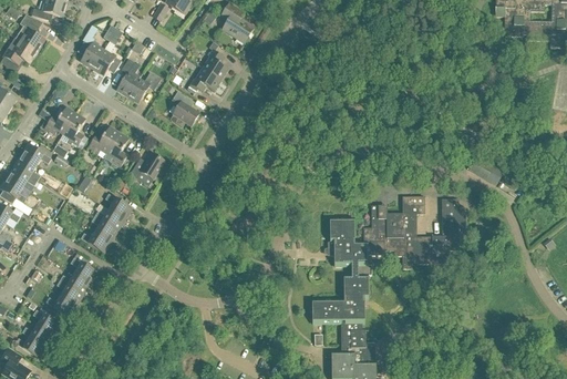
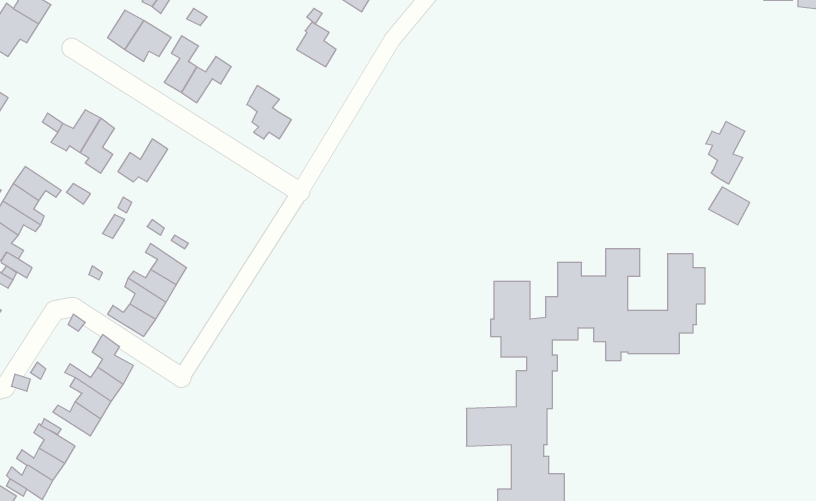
building: [187,66,221,92] -> none
building: none -> [706,121,745,184]
building: [104,131,130,165] -> none
building: [130,152,165,178] -> none

